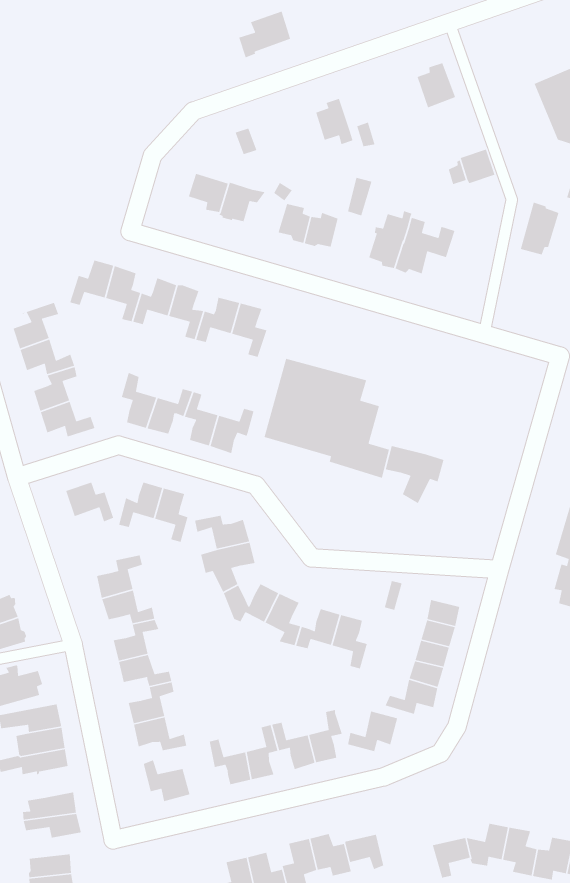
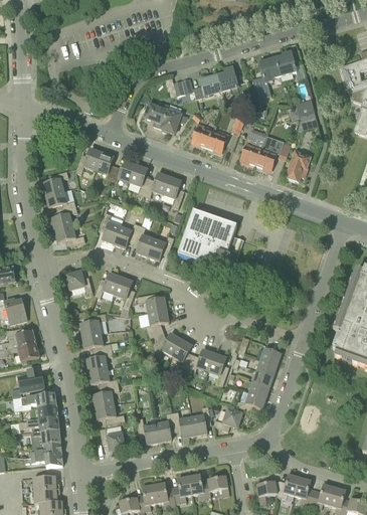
building: [238,11,291,58] -> [193,73,222,99]
building: none -> [252,57,281,98]
building: [520,201,559,255] -> [287,149,310,179]
building: [385,445,444,504] -> none
building: none -> [33,426,60,444]

